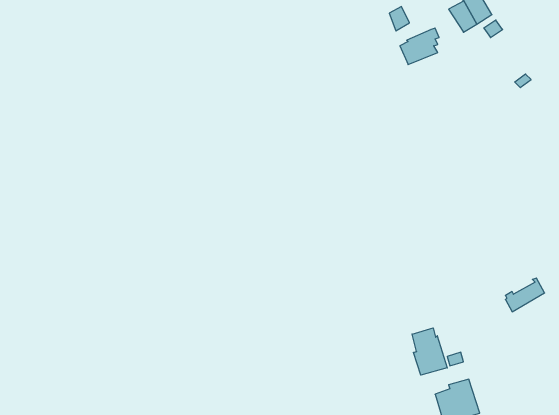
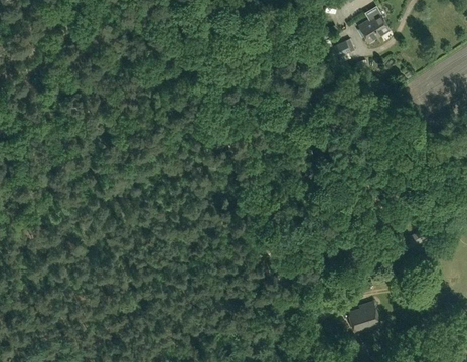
building: [412,328,447,375] -> none

